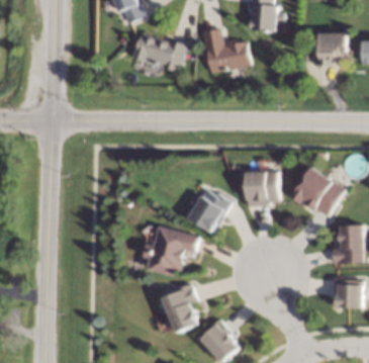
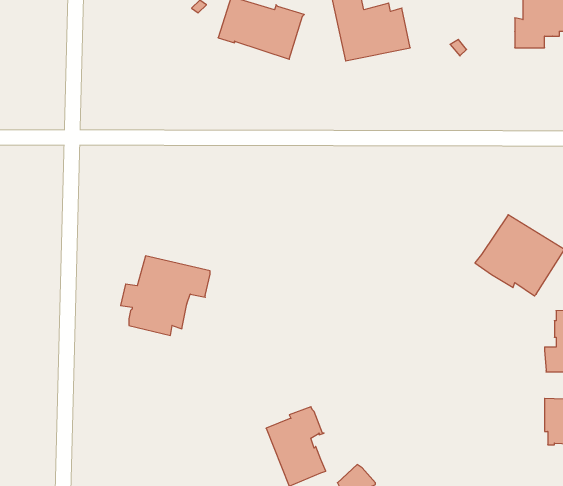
building: [247,171,279,206] -> none
building: [190,189,233,233] -> none
building: [145,226,199,275] -> [121,256,210,335]

